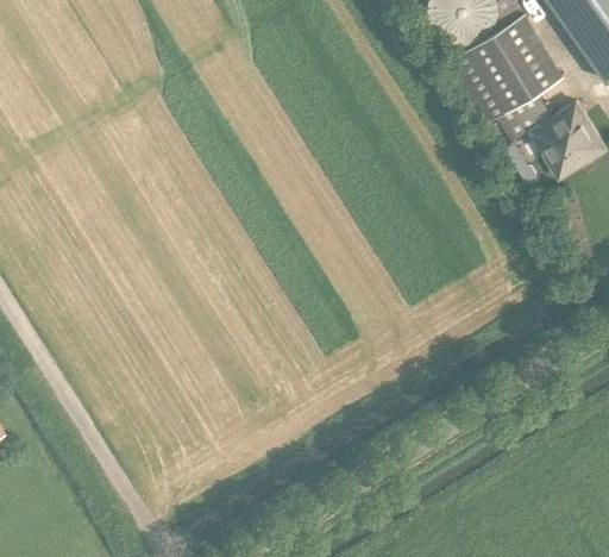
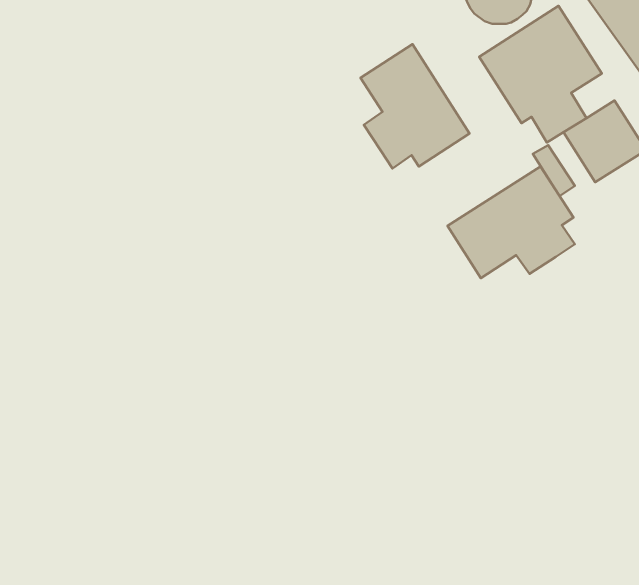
building: none -> [360,44,470,169]
building: none -> [447,167,575,278]

